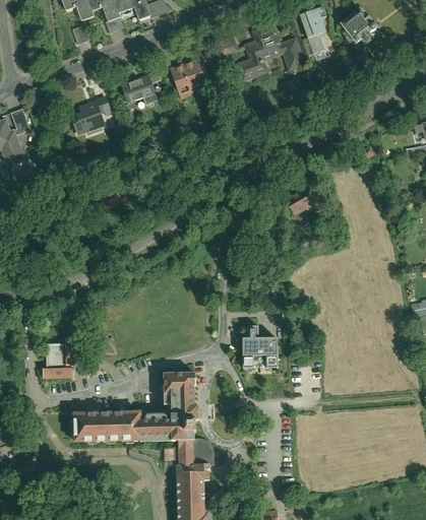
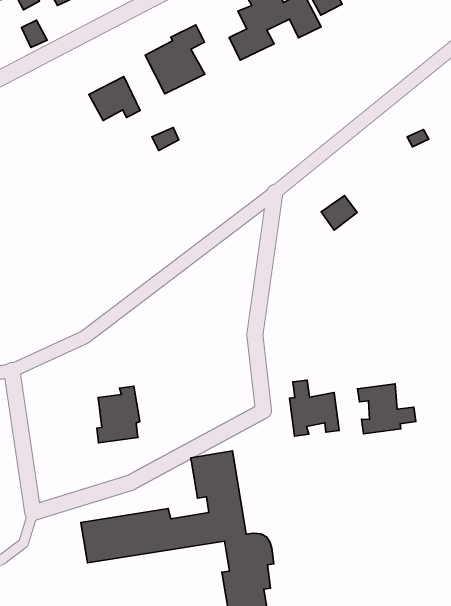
building: [70,91,112,131] -> none
building: none -> [358,384,416,434]
building: [45,340,78,380] -> [97,386,140,443]

